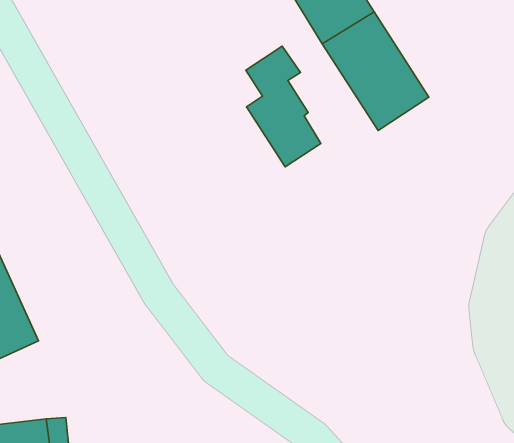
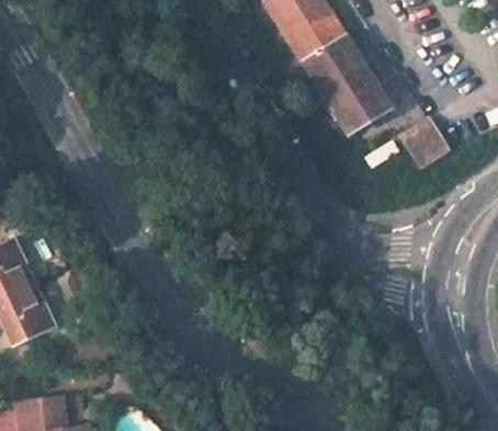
building: [246,46,321,167] -> none
building: none -> [401,120,453,170]

